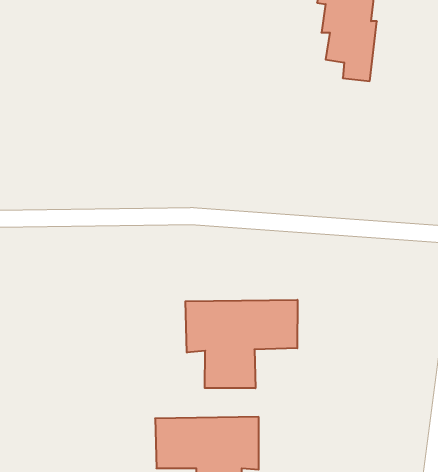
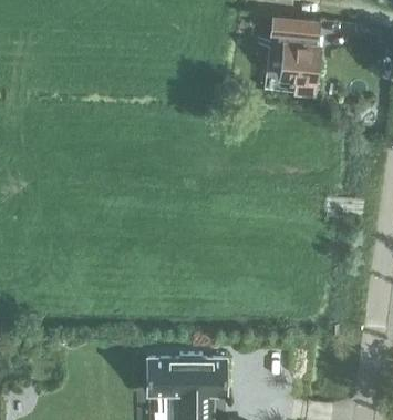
building: [185,300,297,388] -> none

